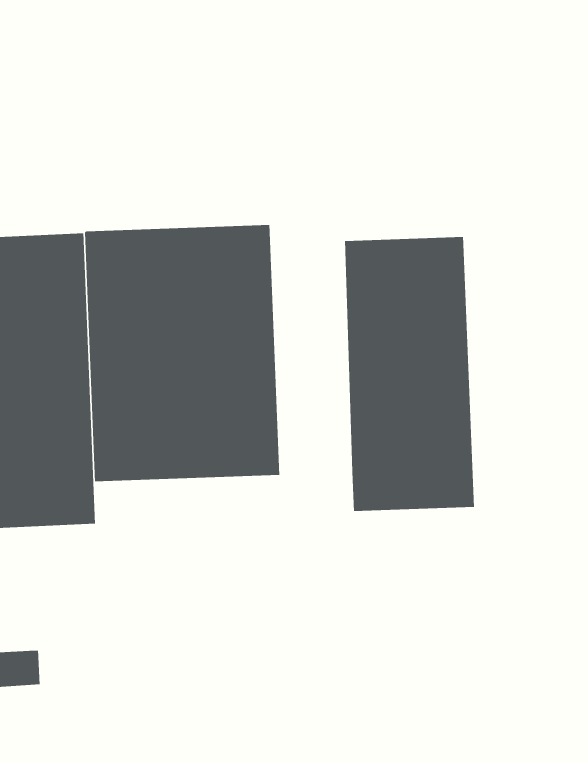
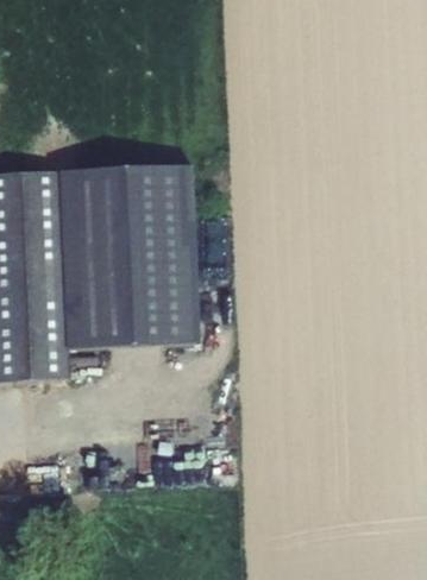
building: [344,236,475,512] -> none

